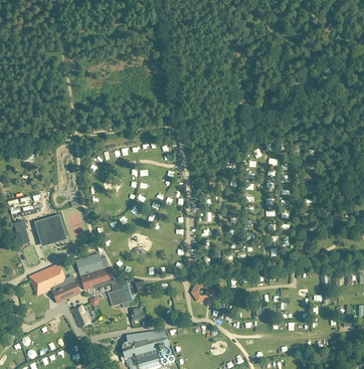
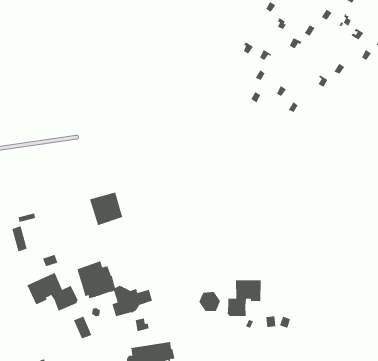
building: [34,214,66,246] -> [89,192,123,226]
building: none -> [227,279,261,317]

